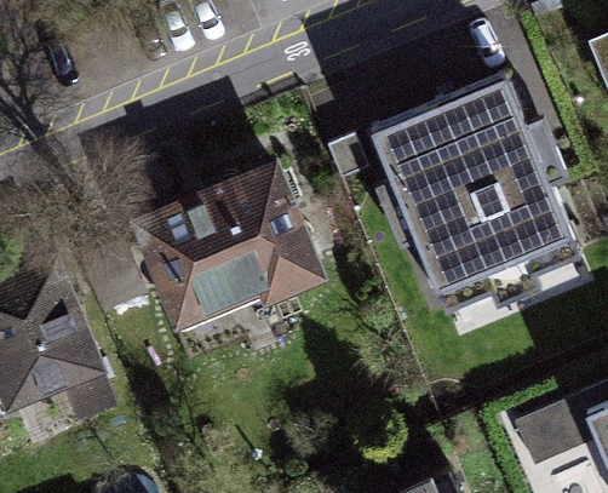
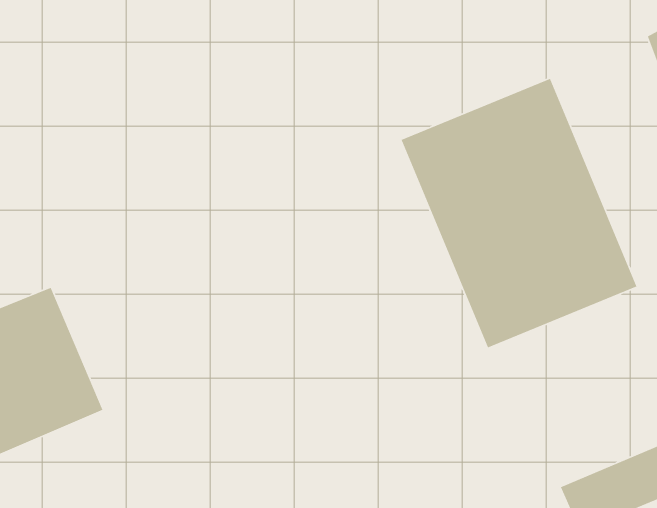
building: [134,151,323,328] -> none

